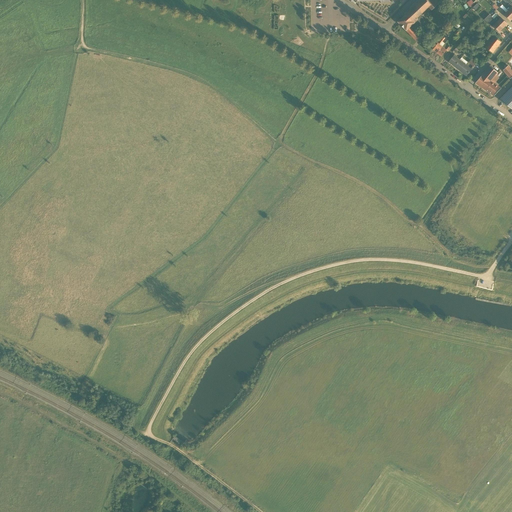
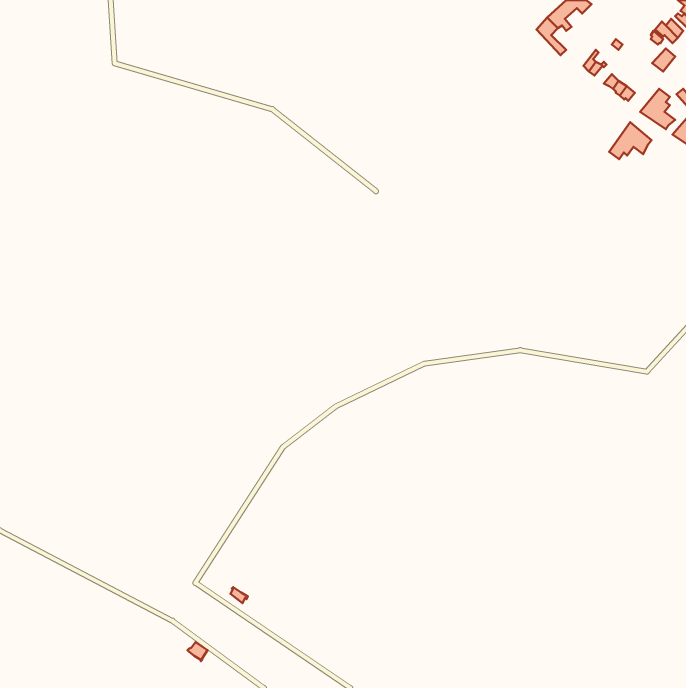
building: none -> [609,122,652,159]

